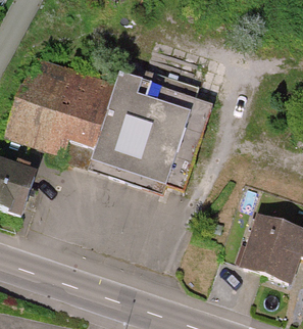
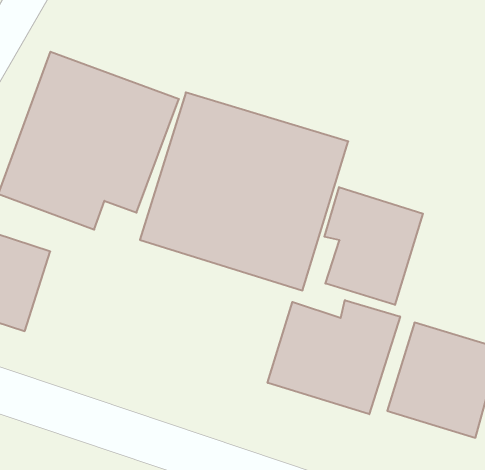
building: none -> [324,187,423,305]
building: none -> [268,300,400,414]

